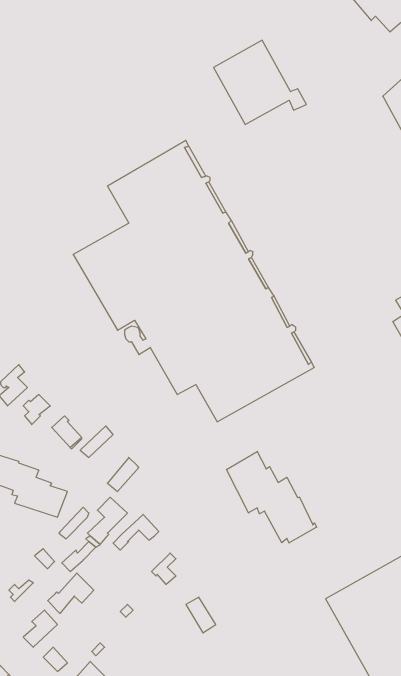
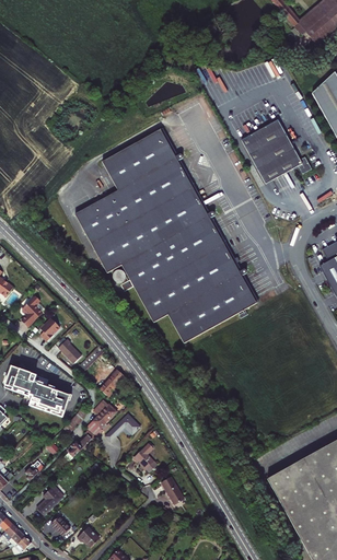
building: [214,40,306,124] -> [241,119,312,184]
building: [227,451,317,543] -> none
building: [48,573,94,613] -> none

